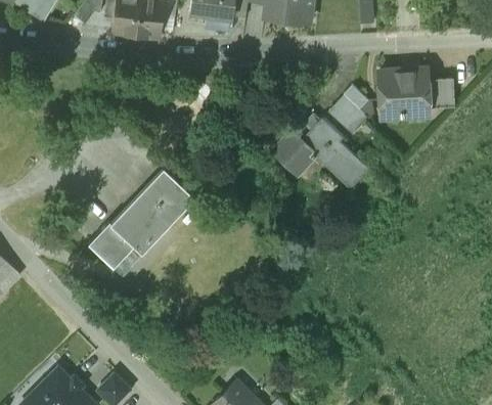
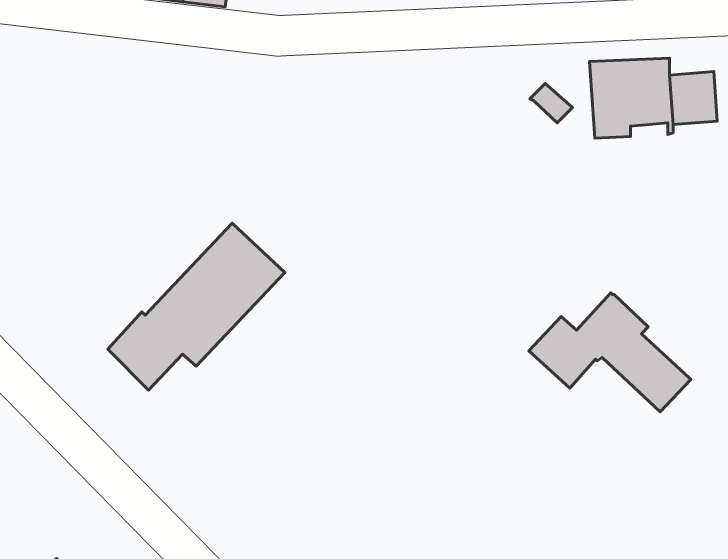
building: [331,95,368,131] -> none
building: [272,117,369,188] -> [529,293,691,412]

